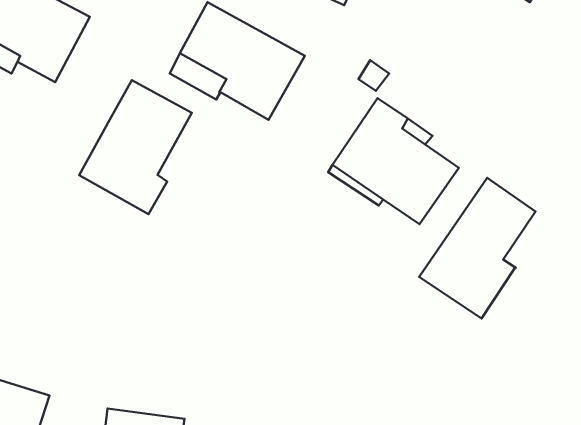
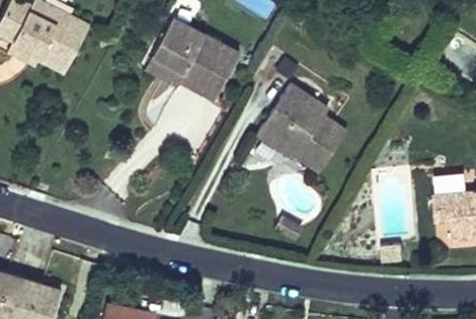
building: [79,80,192,214] -> none
building: [419,178,535,318] -> none

